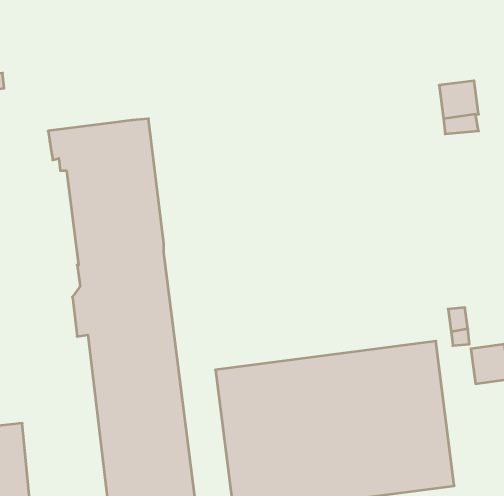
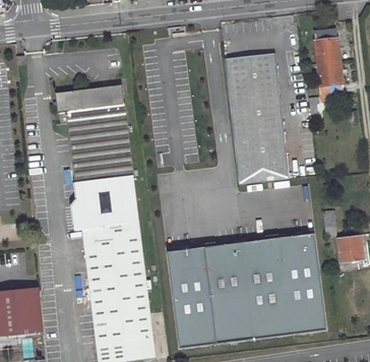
building: none -> [314,27,341,62]
building: none -> [225,53,289,184]

